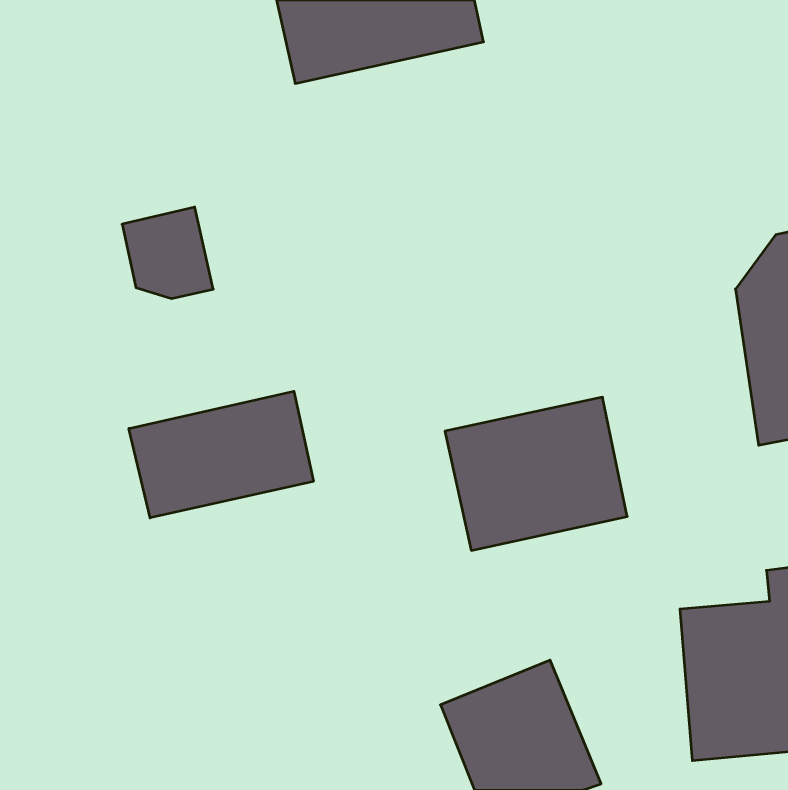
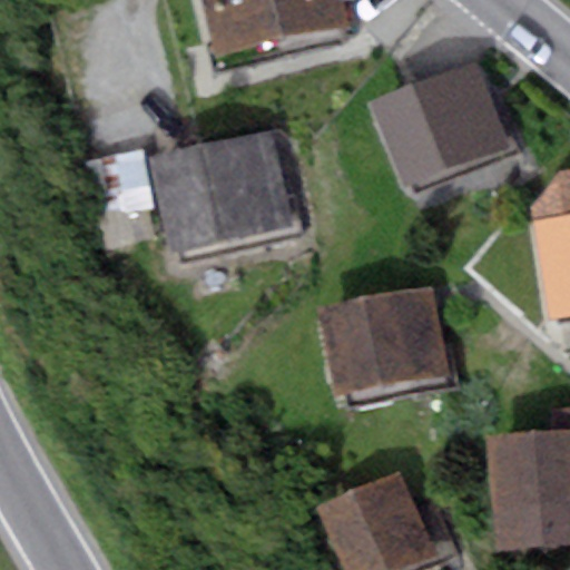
building: none -> [368,61,511,188]
building: none -> [151,130,297,258]
building: [129,391,313,518] -> none

